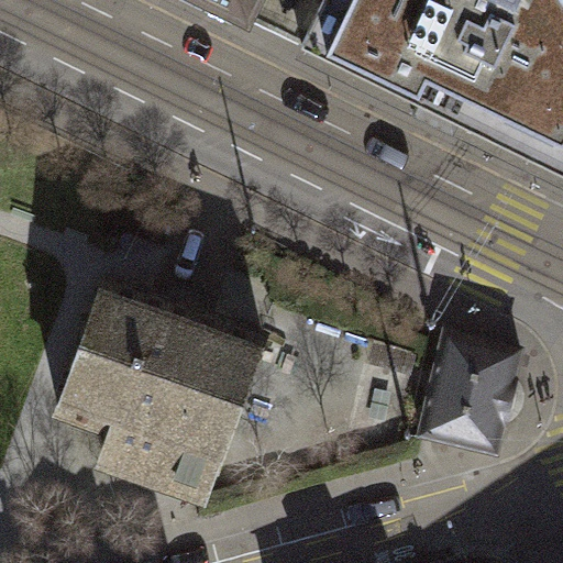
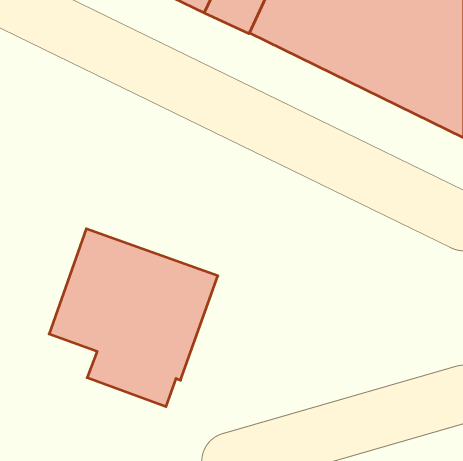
building: [422,328,523,448] -> none

